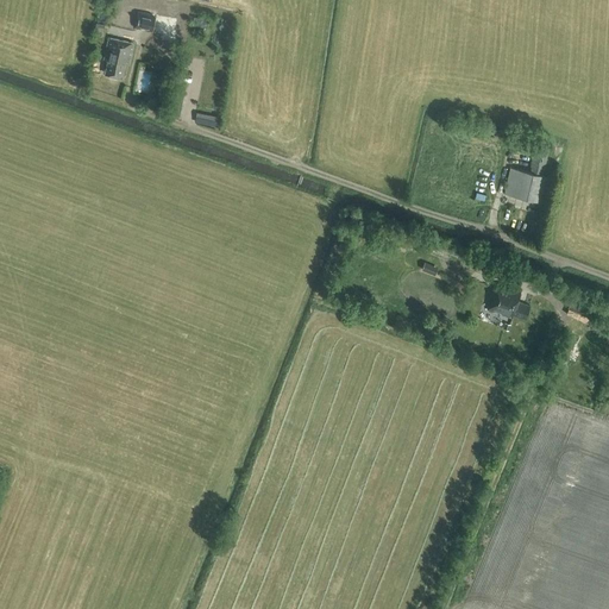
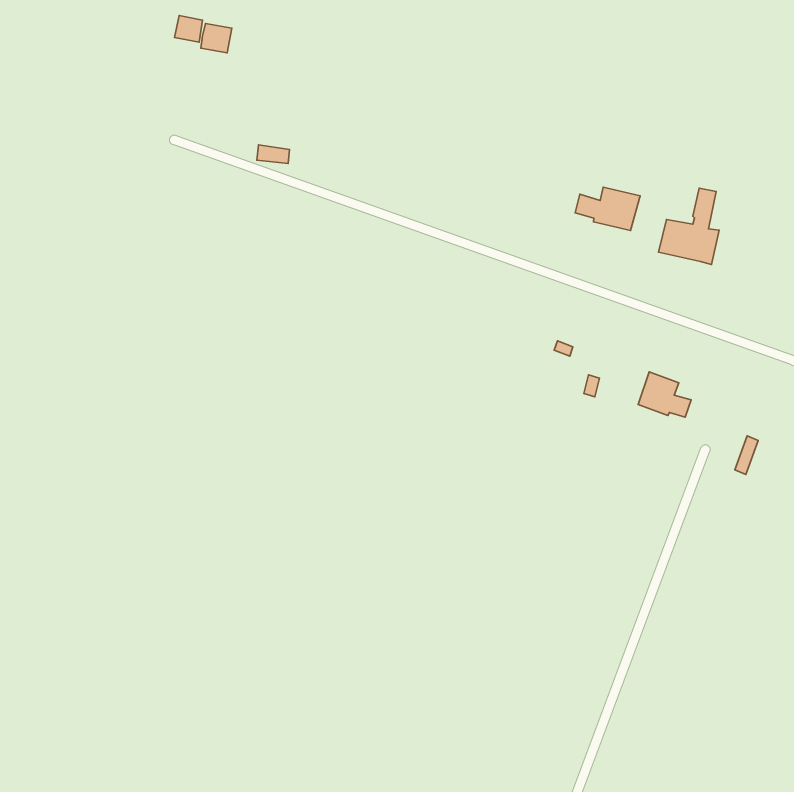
building: [103,39,132,80] -> none
building: none -> [575,187,640,230]

